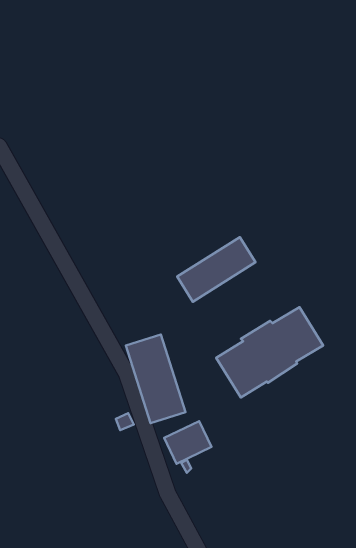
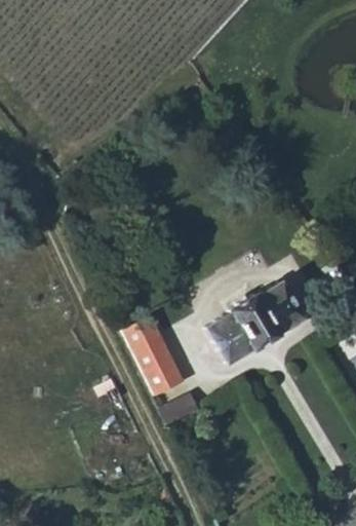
building: [177,237,256,302] -> none

